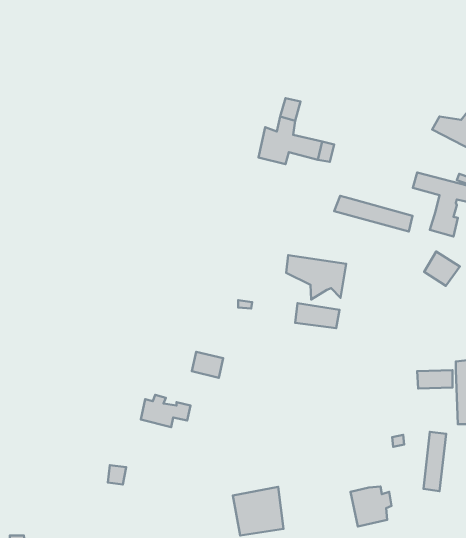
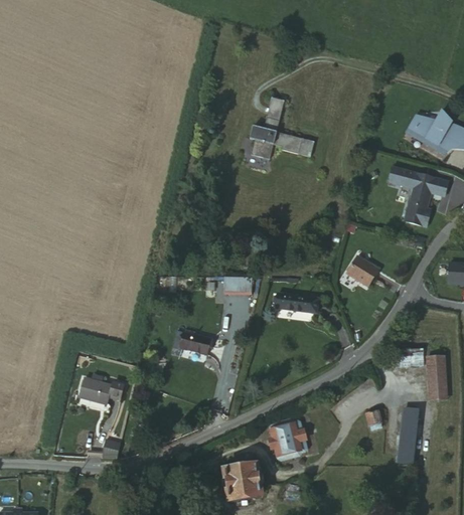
building: [334,196,412,232] -> none
building: [424,251,460,286] -> [346,258,379,290]
building: [286,255,346,300] -> none
building: [141,395,191,427] -> [80,375,126,405]
building: [350,486,391,526] -> [270,422,308,460]

